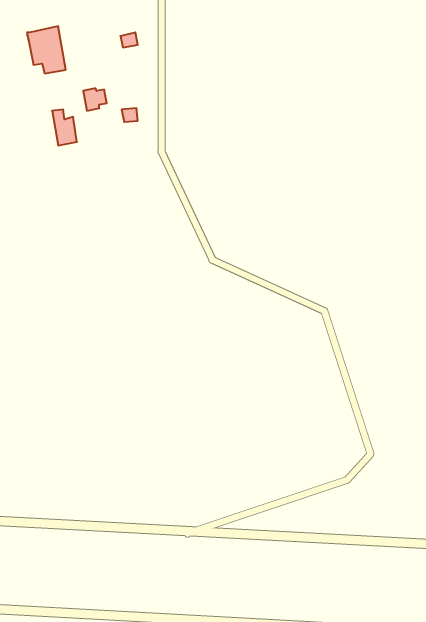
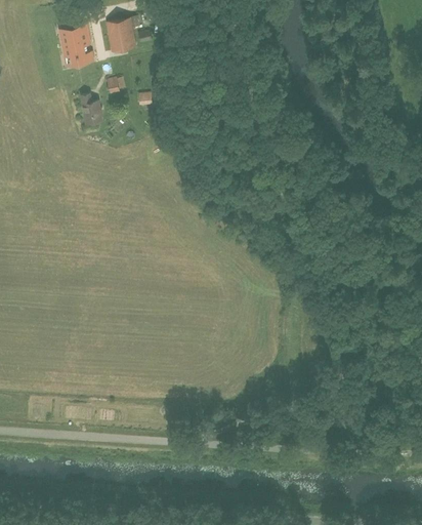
building: none -> [106,16,139,52]

